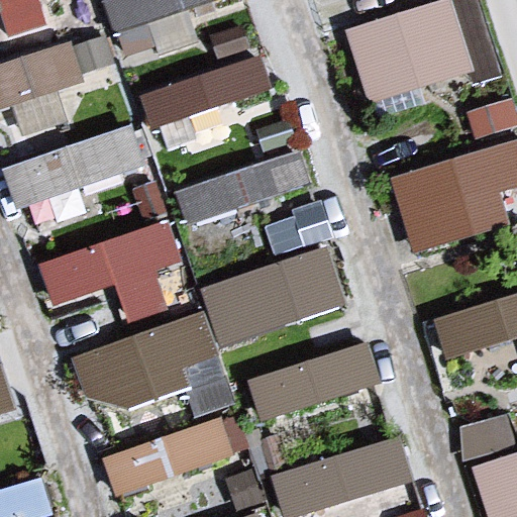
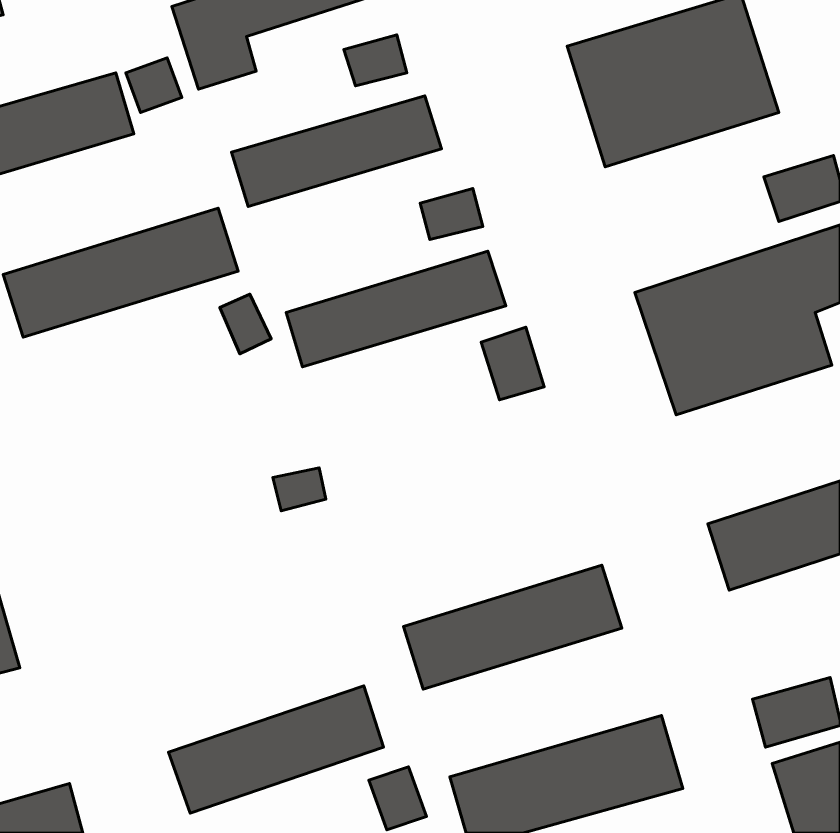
building: [37,222,183,319] -> none
building: [203,247,345,344] -> none
building: [74,314,231,411] -> none

